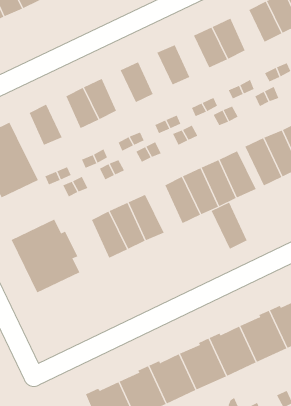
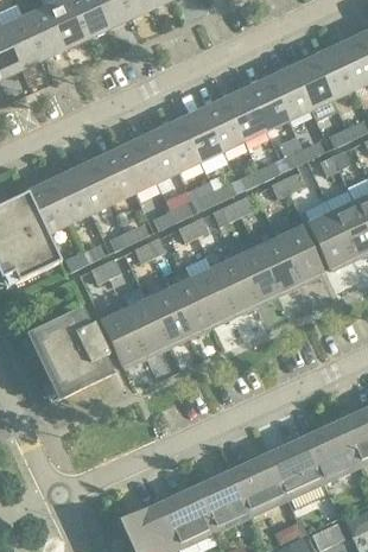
building: none -> [292,58,332,107]
building: none -> [226,89,266,139]
building: none -> [182,109,222,159]
building: none -> [138,131,178,179]
building: none -> [71,161,112,211]
building: none -> [27,182,68,231]
building: [211,202,247,249] -> [190,268,234,325]
building: none -> [102,310,146,367]

